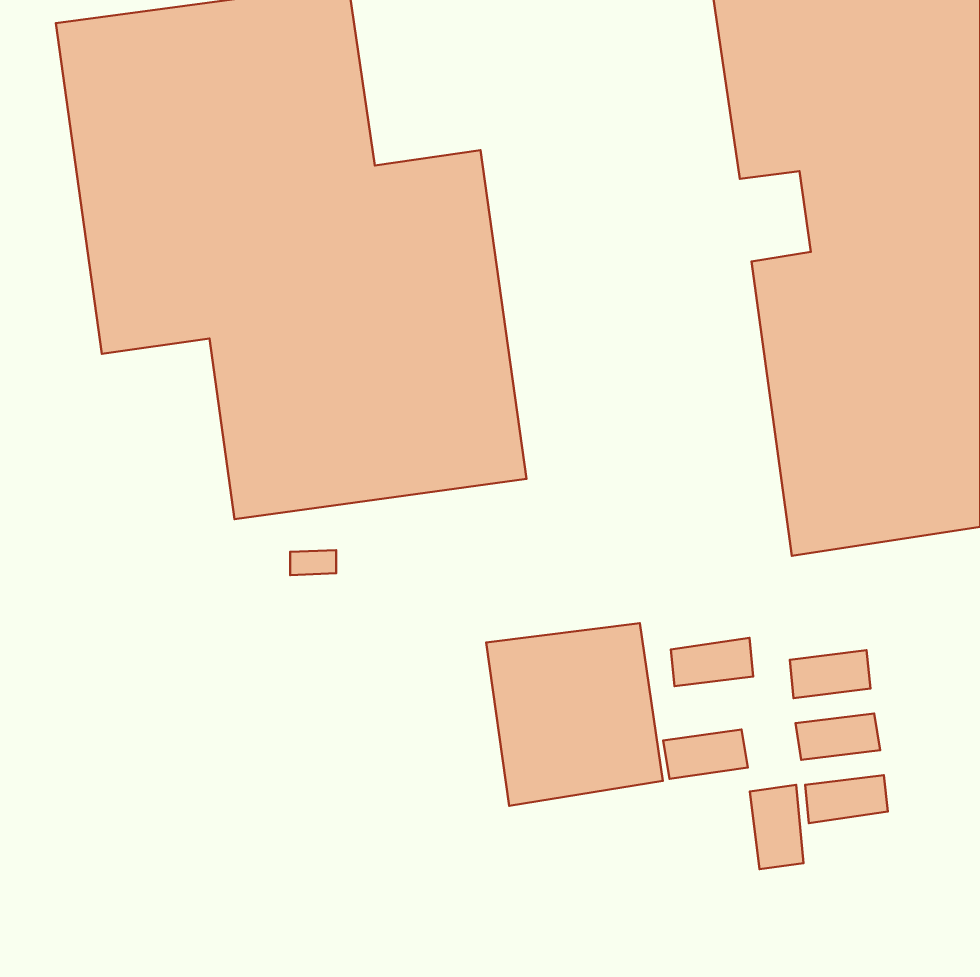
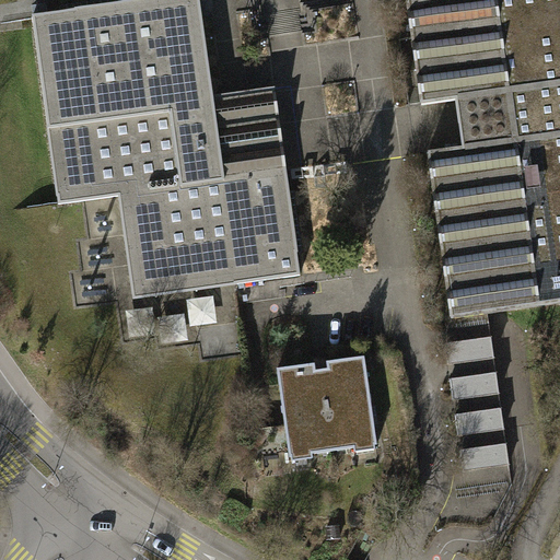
building: [671,638,753,686] -> [444,335,491,362]
building: [663,730,748,779] -> none
building: [750,785,804,869] -> none

